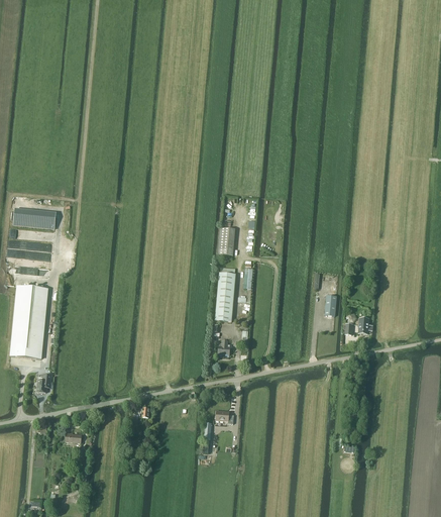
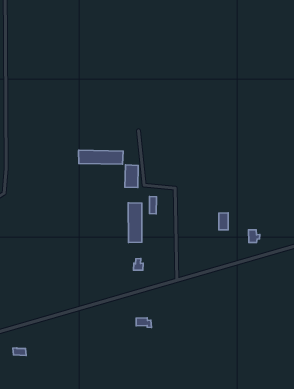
building: none -> [79,150,123,164]

